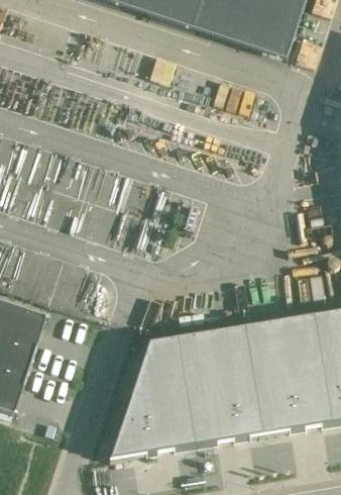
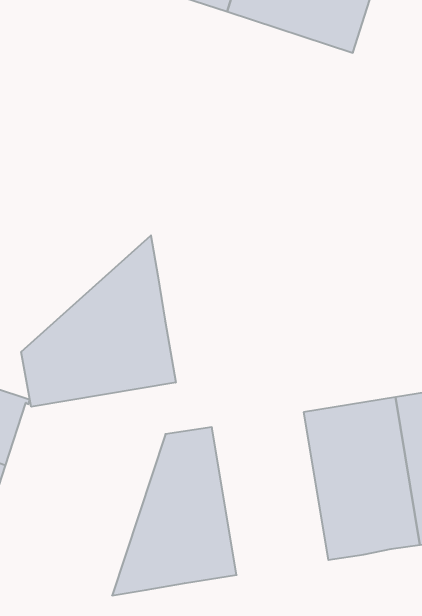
building: none -> [21,235,176,407]
building: [183,322,268,442] -> none

